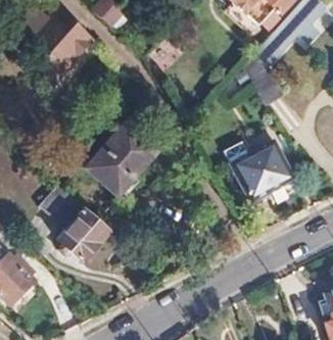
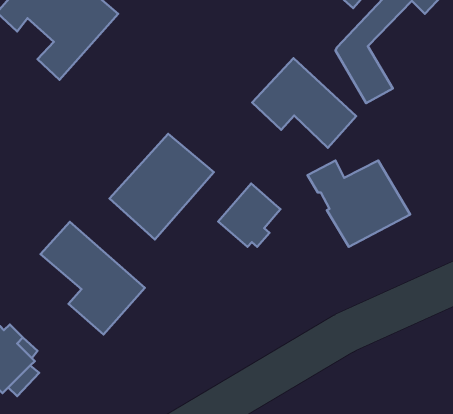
building: none -> [252,58,356,148]
building: none -> [218,184,280,247]

